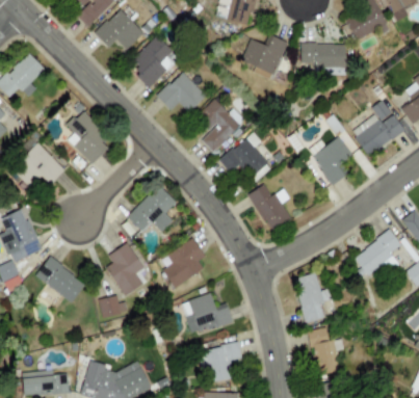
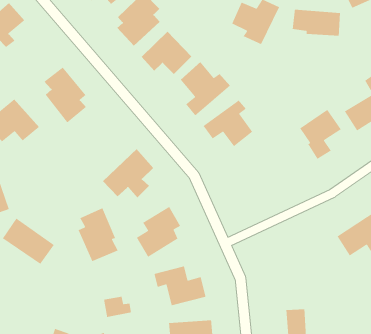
building: [250,184,293,233] -> none
building: [294,272,325,322] -> none
building: [100,295,128,317] -> [103,296,132,318]

